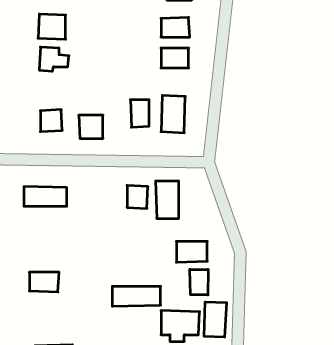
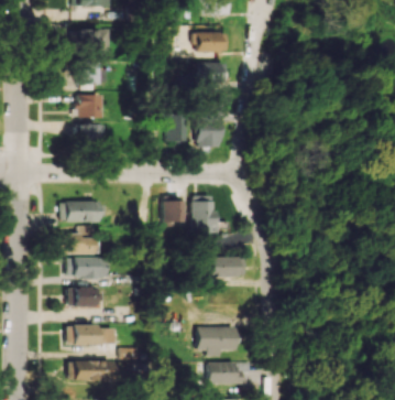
building: [79,115,103,138] -> [77,95,101,118]
building: none -> [63,226,98,253]
building: none -> [67,258,107,279]
building: [190,269,208,295] -> none
building: [112,286,161,306] -> [66,326,114,346]
building: [204,302,227,337] -> none

